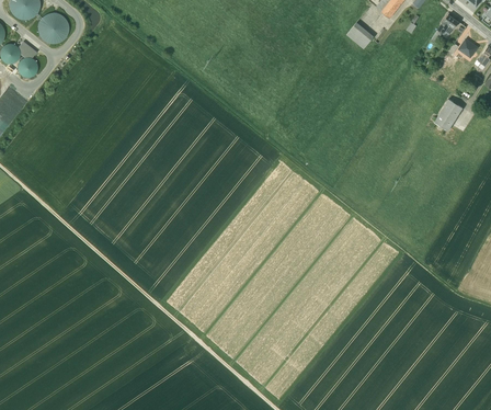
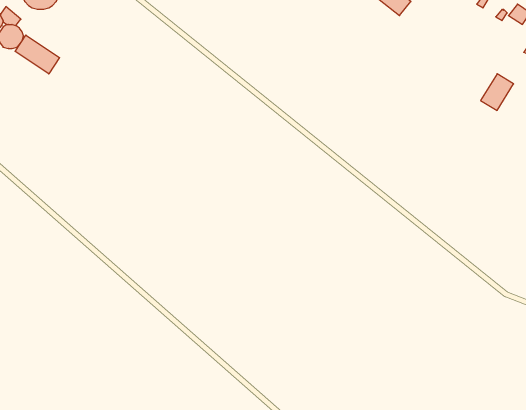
building: none -> [15,35,60,74]

